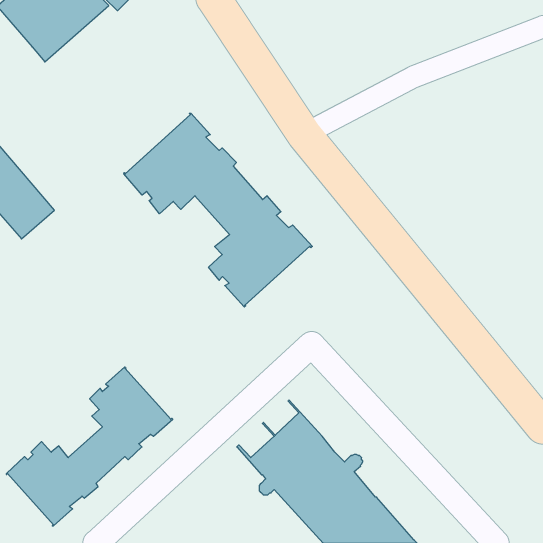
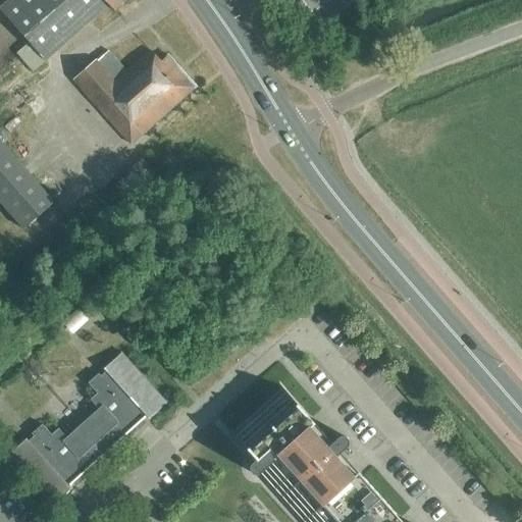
building: none -> [70,48,194,143]
building: [124,113,312,307] -> none

